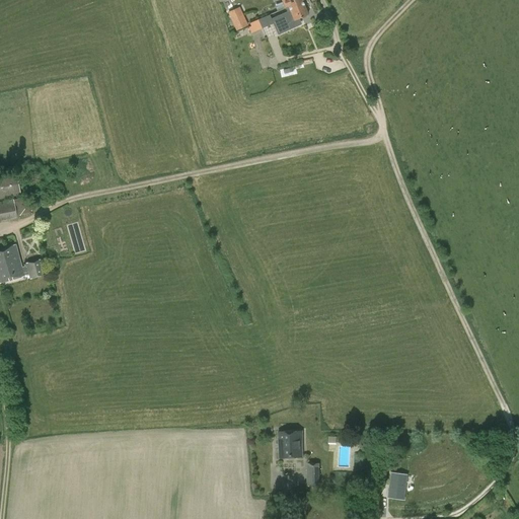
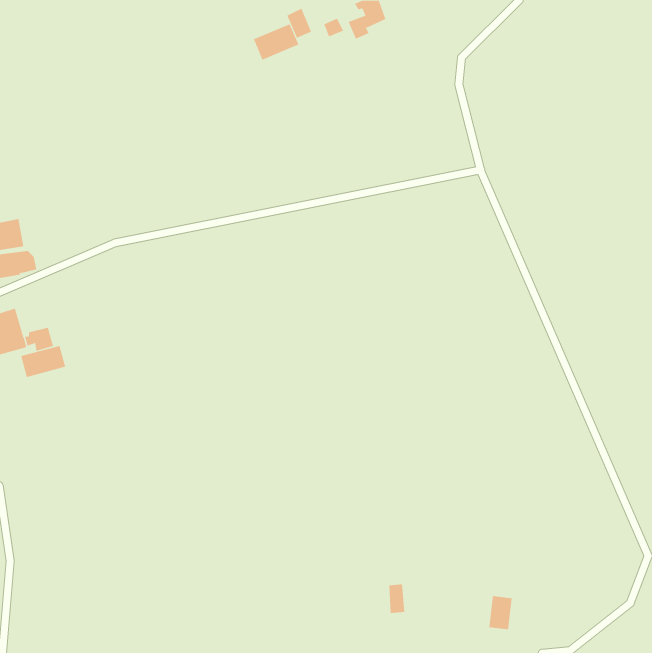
building: none -> [253,23,299,60]
building: none -> [21,345,66,378]
building: [278,432,302,457] -> none

